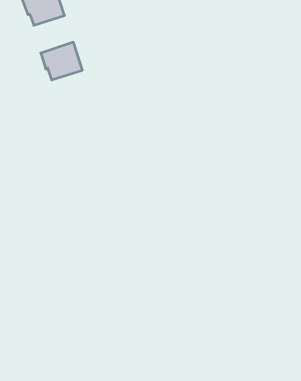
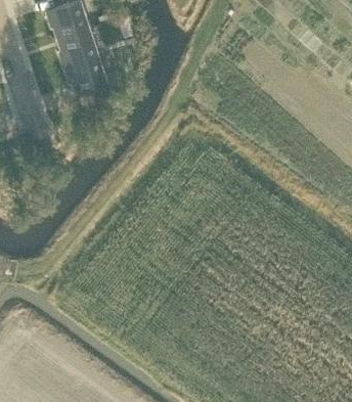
building: none -> [55,24,96,62]

